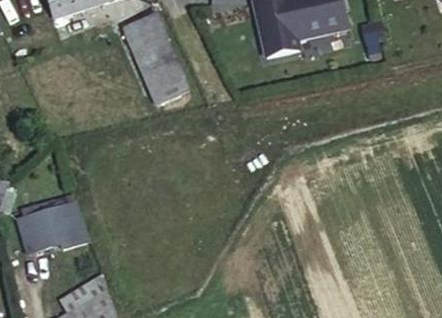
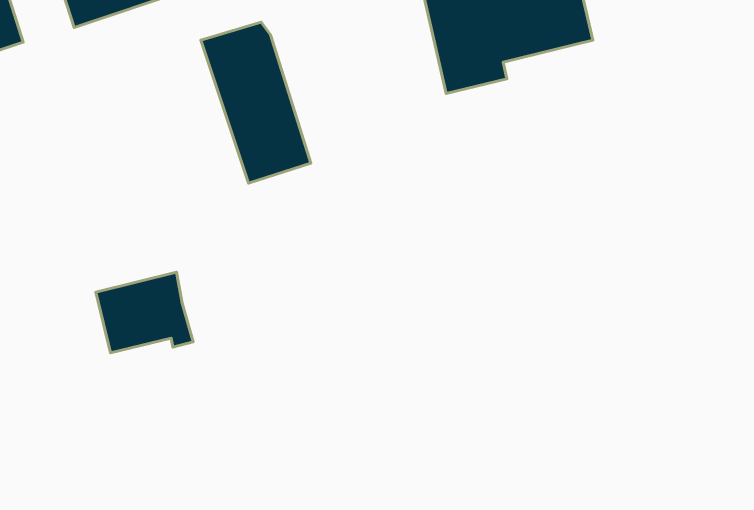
building: [22,210,76,254] -> [96,272,193,353]

